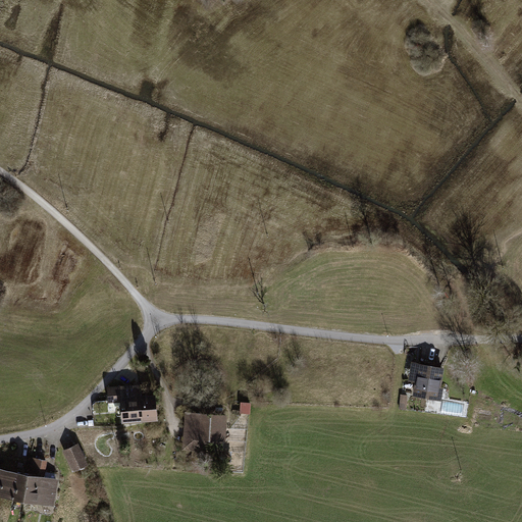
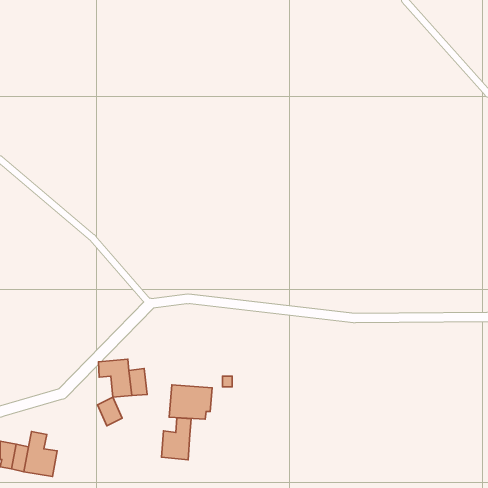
building: [412,365,449,402] -> none
building: [61,440,88,471] -> [97,397,122,426]
building: none -> [161,418,191,460]

